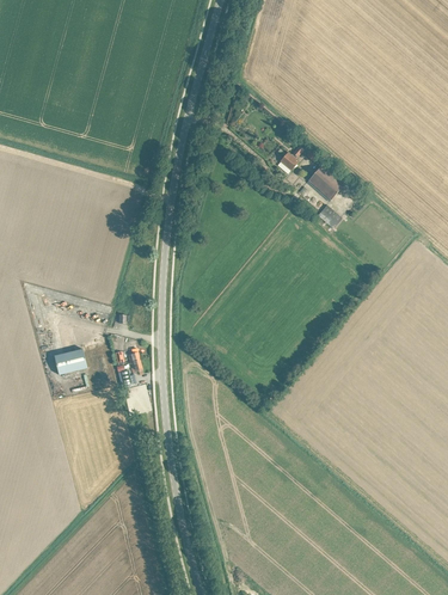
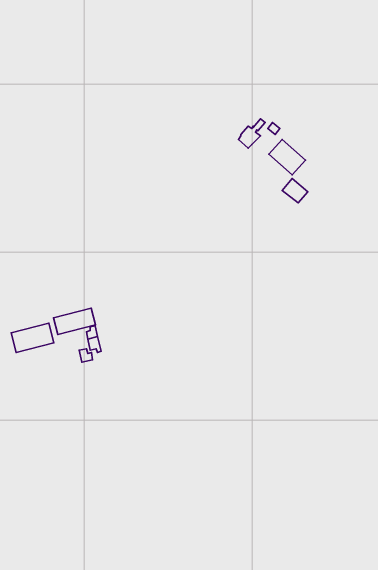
building: none -> [53,308,96,334]

